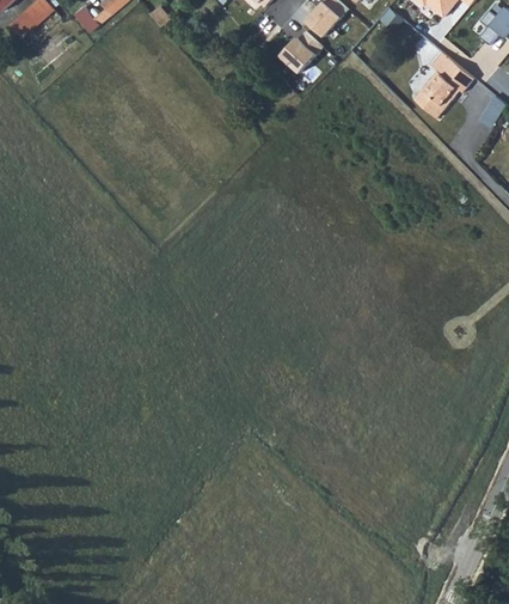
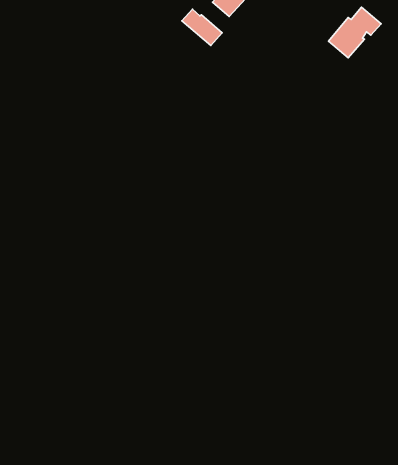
building: none -> [182,9,222,46]

